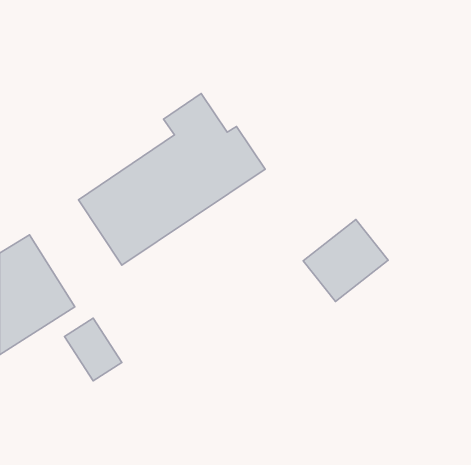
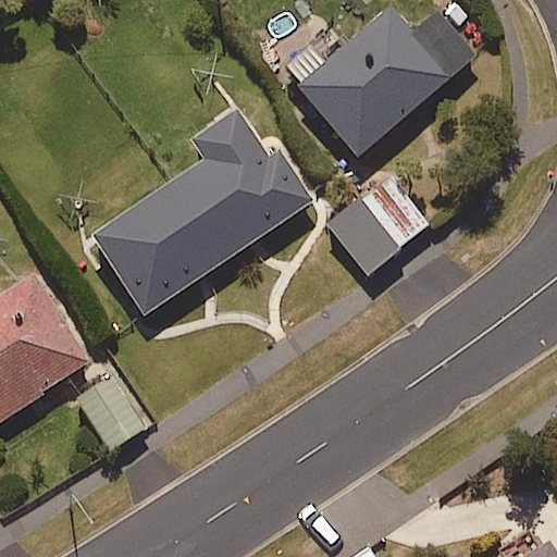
building: none -> [296,8,475,157]
building: [303,219,388,302] -> [327,175,428,272]

